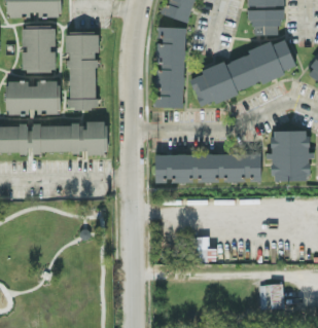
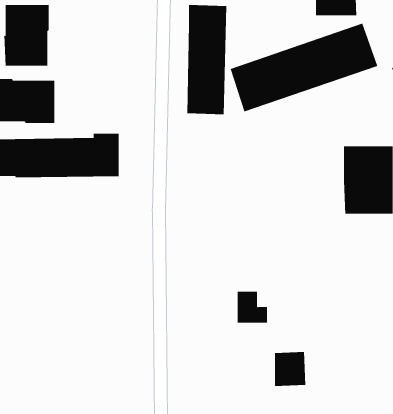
building: [66,33,100,109] -> none
building: [155,154,261,182] -> none
building: [260,284,284,309] -> [274,351,306,386]

